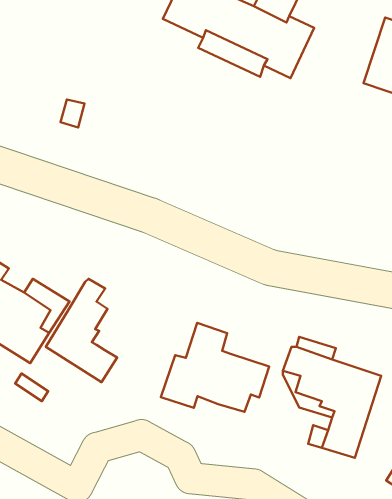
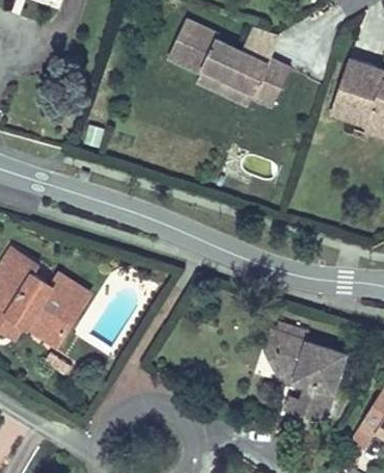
building: [46,279,117,382] -> none
building: [161,323,269,412] -> none

